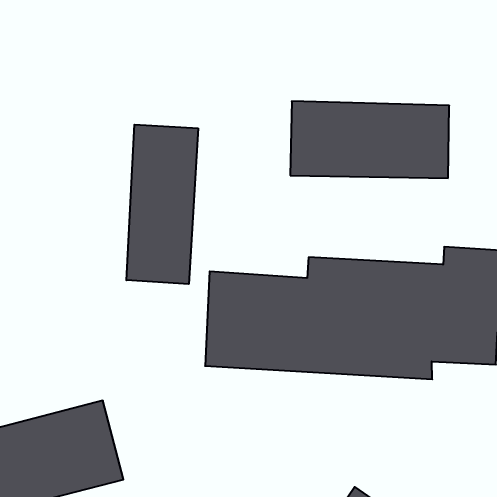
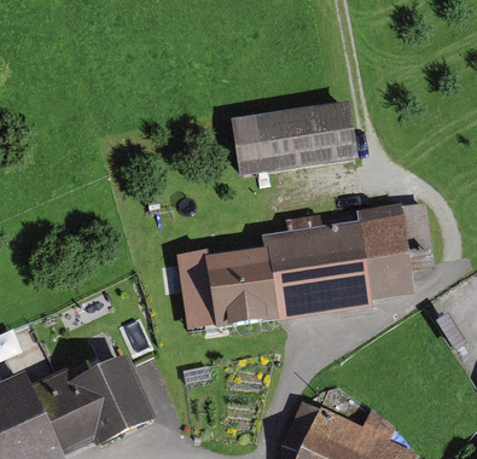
building: [126,125,198,284] -> none

